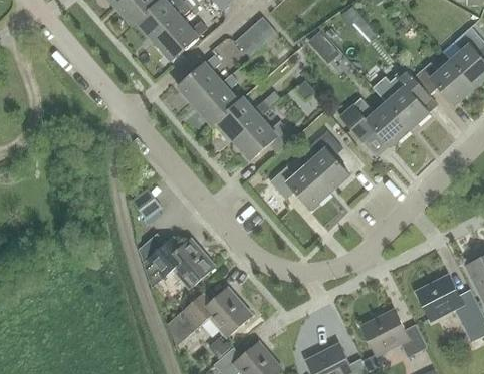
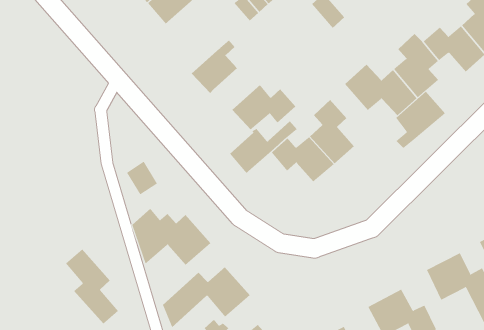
building: [178,54,222,106] -> none
building: [217,90,281,140] -> [229,121,297,174]
building: none -> [396,91,446,149]
building: none -> [65,249,119,324]

